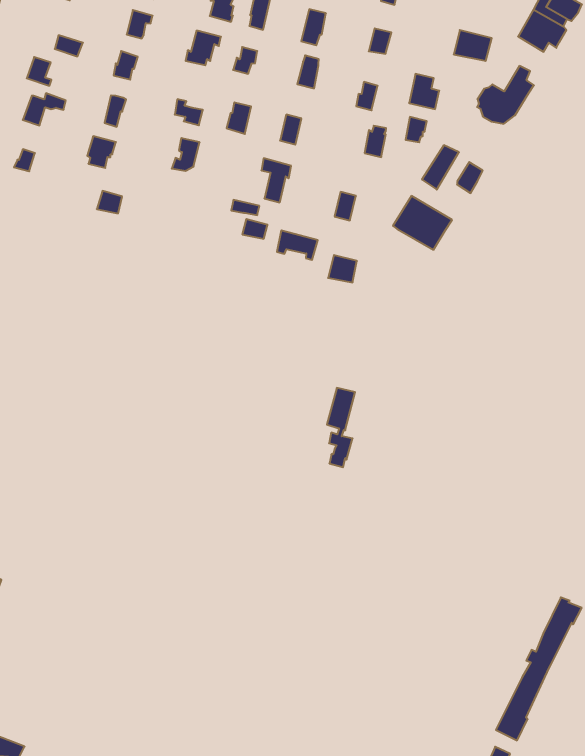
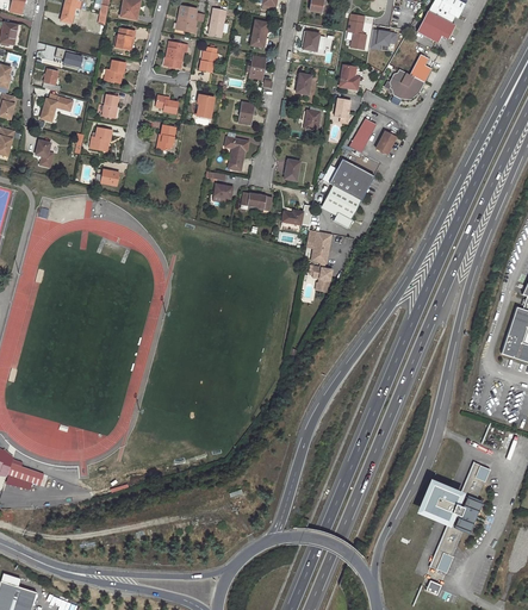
building: none -> [346,13,365,50]
building: none -> [323,185,361,228]
building: [327,388,355,467] -> [311,231,331,292]
building: none -> [416,477,462,524]

